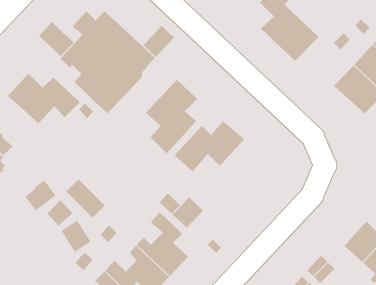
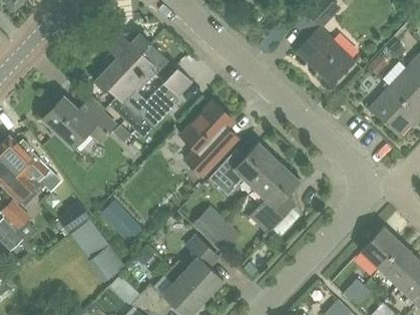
building: [38,21,75,57] -> none
building: [142,25,175,58] -> none
building: none -> [249,162,299,232]
building: none -> [359,225,401,268]

